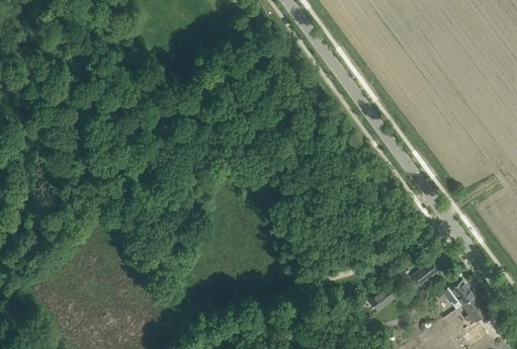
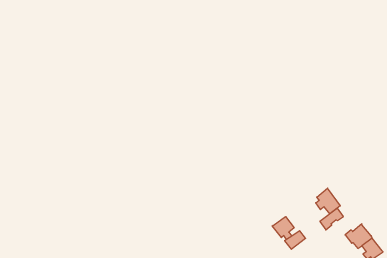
building: none -> [316,188,340,214]
building: none -> [272,217,294,239]

